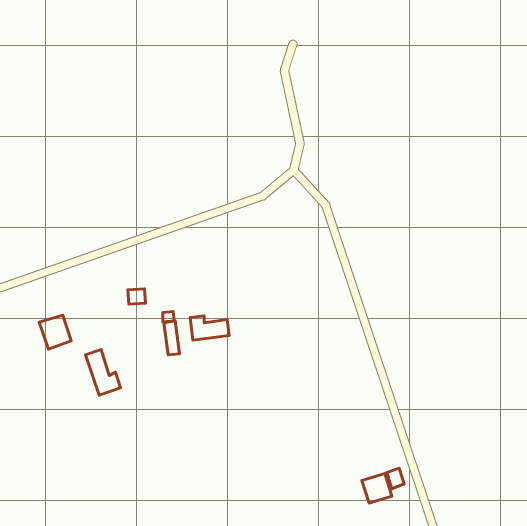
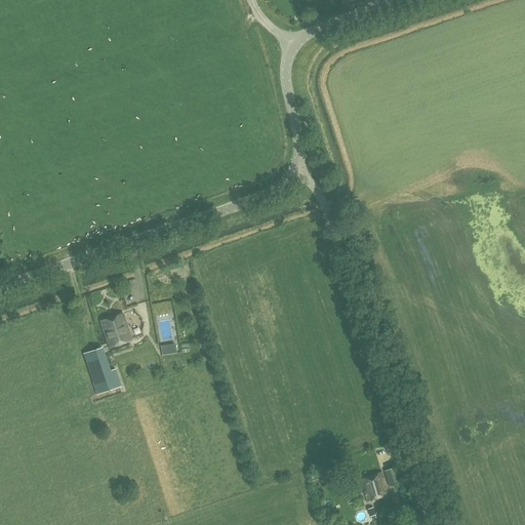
building: [39,315,71,349] -> [100,313,132,347]
building: [190,316,229,340] -> none

